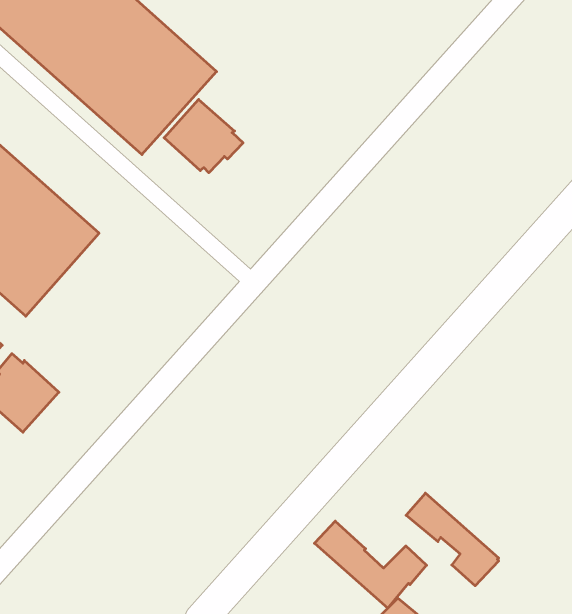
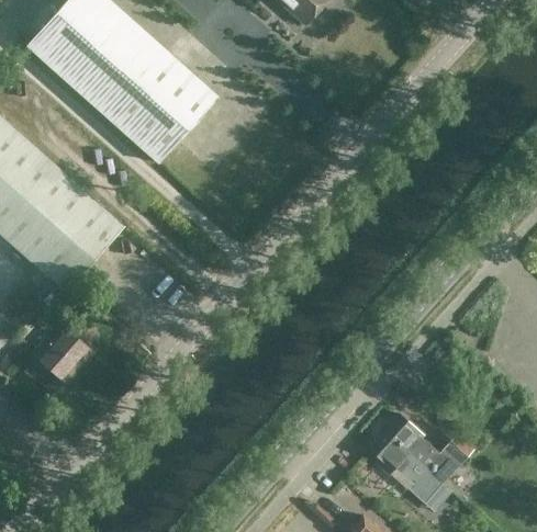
building: [164,99,243,173] -> none
building: [314,521,427,608] -> [383,415,472,484]

